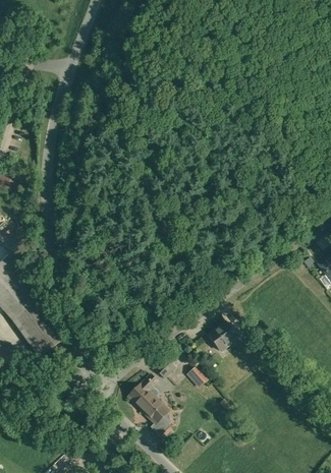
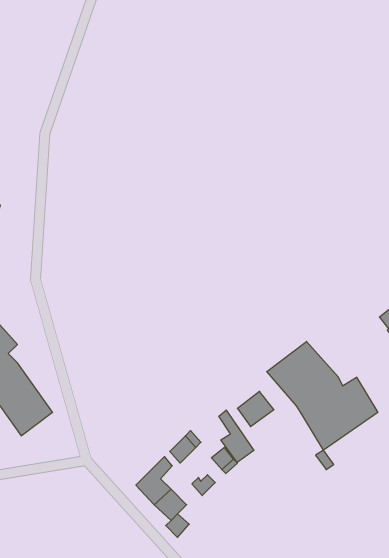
building: none -> [267,341,378,450]
building: none -> [219,410,254,462]

